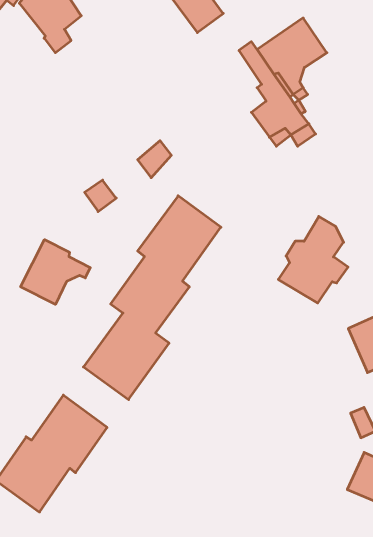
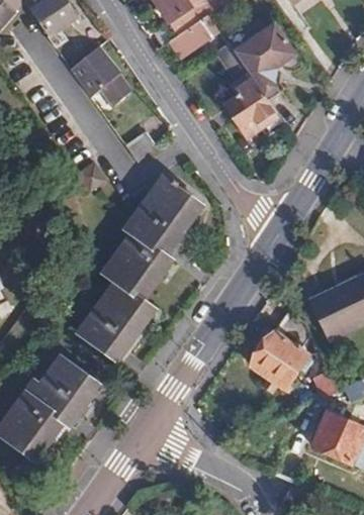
building: none -> [169,12,218,57]
building: none -> [67,48,129,107]
building: [278,216,348,303] -> [253,309,315,387]
building: [21,240,90,304] -> none

